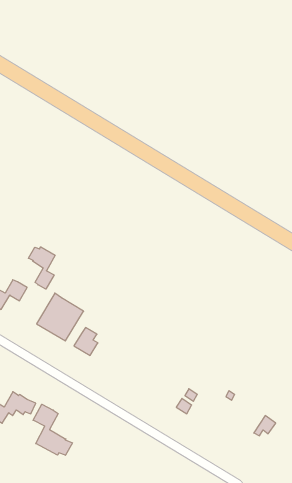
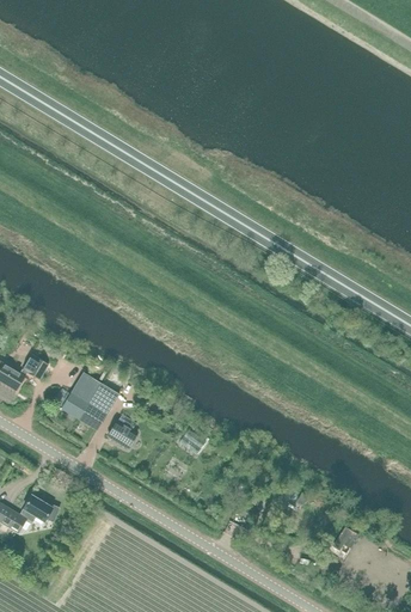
building: [28,247,55,289] -> none
building: [33,404,72,455] -> none

